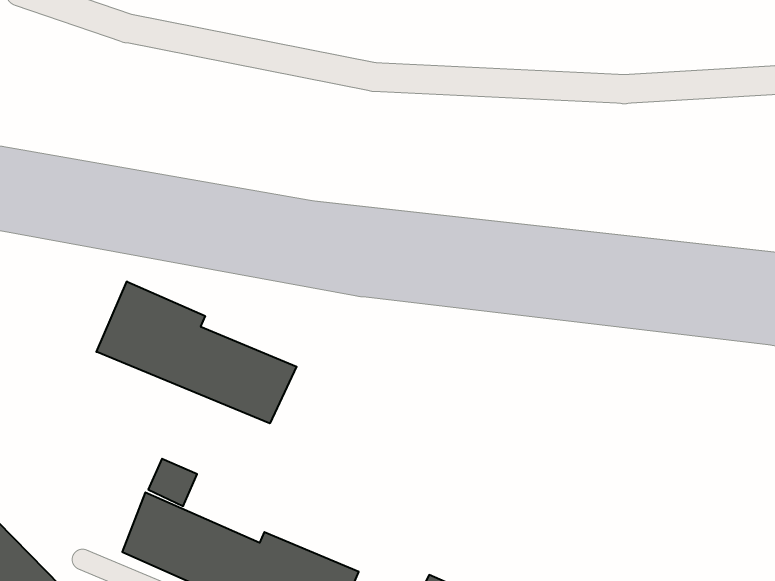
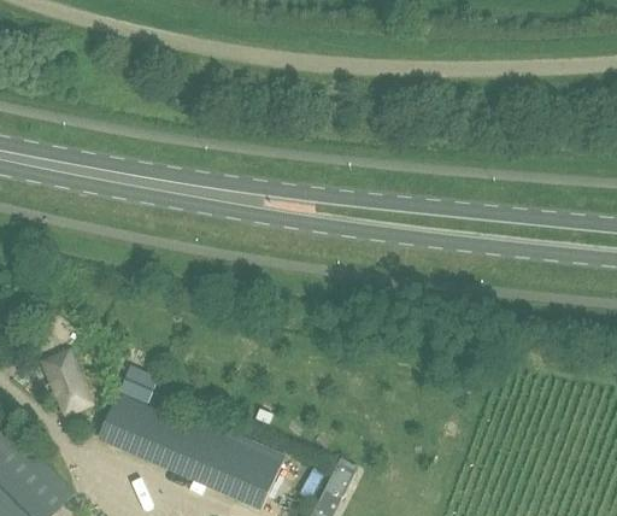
building: [96,281,297,423] -> none
building: none -> [39,346,94,416]

